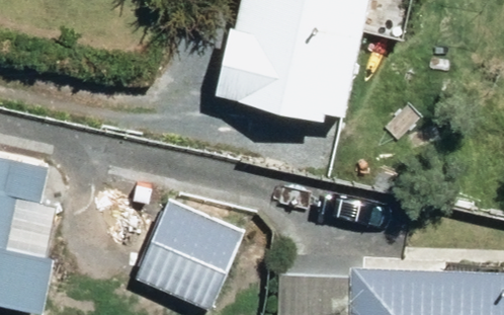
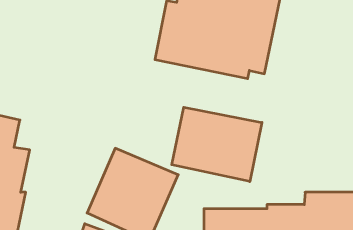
building: none -> [172,107,262,182]

